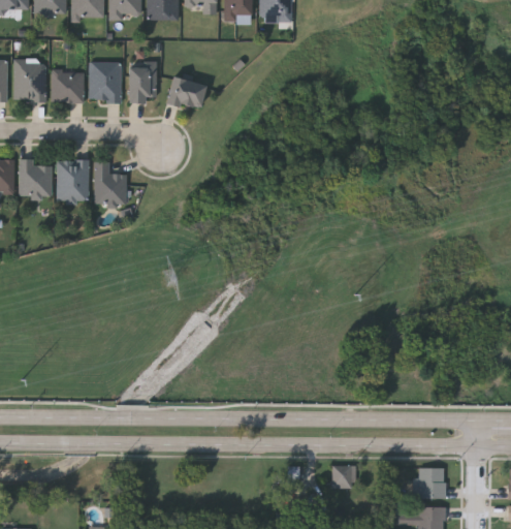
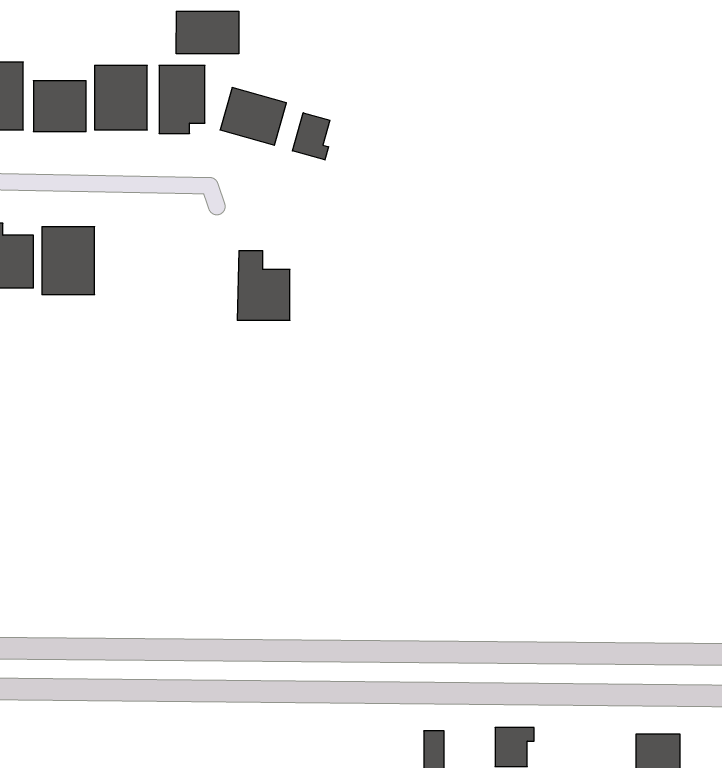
building: none -> [176,11,239,54]
building: none -> [292,113,330,160]
building: [94,161,126,204] -> [237,251,290,320]

